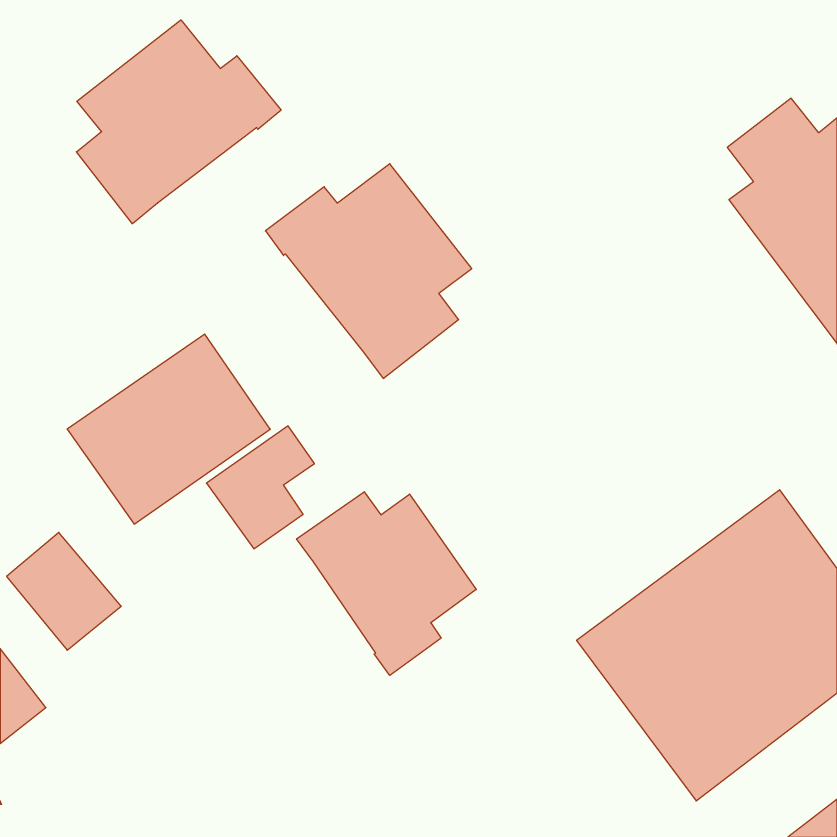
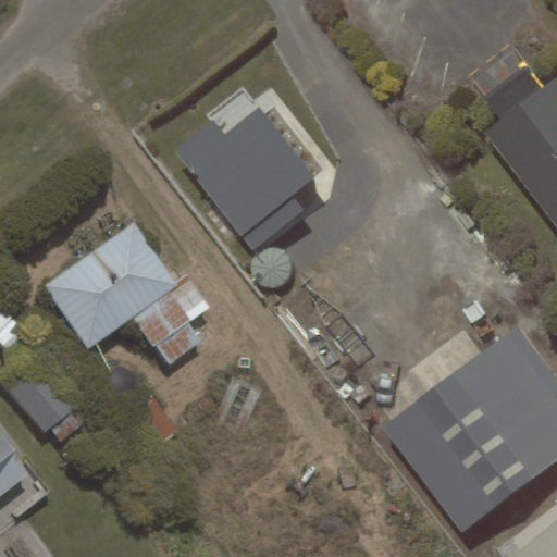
building: [76,20,281,224] -> none
building: [297,492,476,675] -> none

